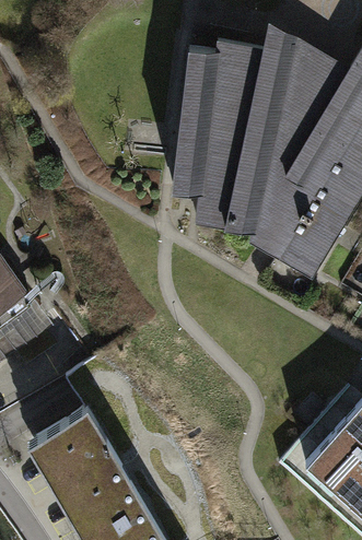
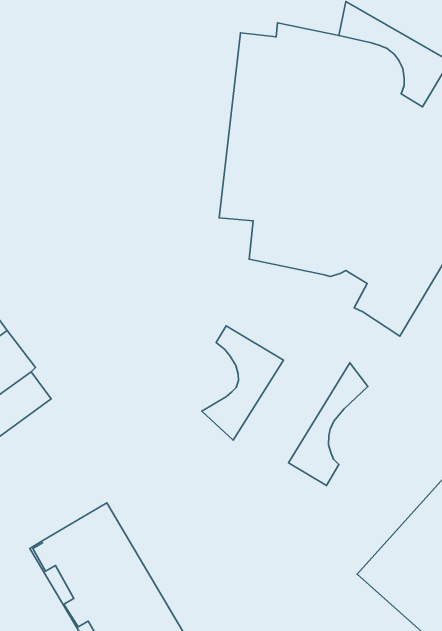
building: none -> [202,326,283,440]
building: none -> [289,363,368,486]

